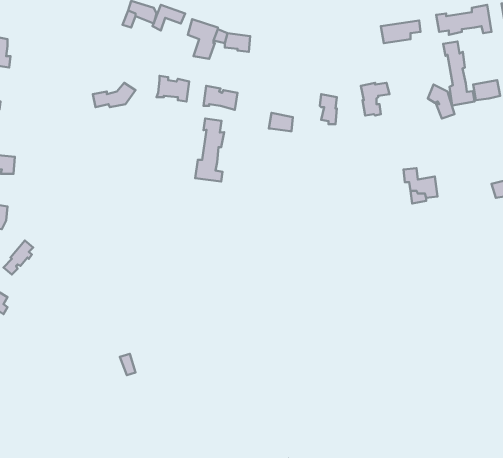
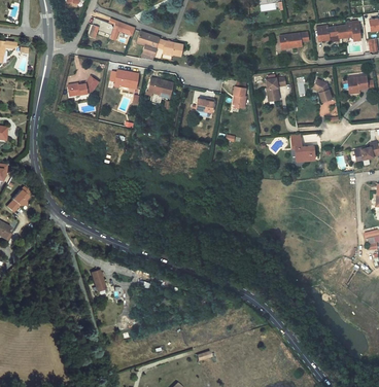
building: [443,42,475,105] -> none
building: [195,119,224,182] -> none

